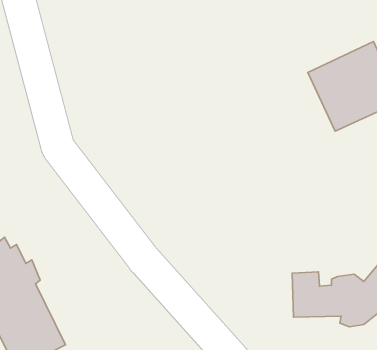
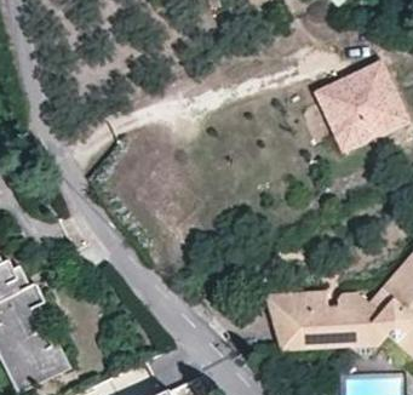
building: none -> [265,296,348,349]

